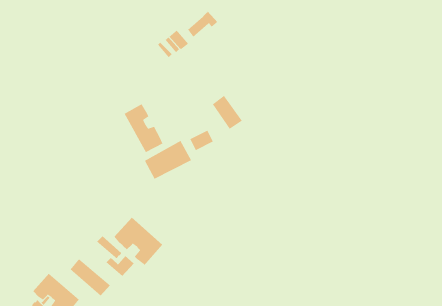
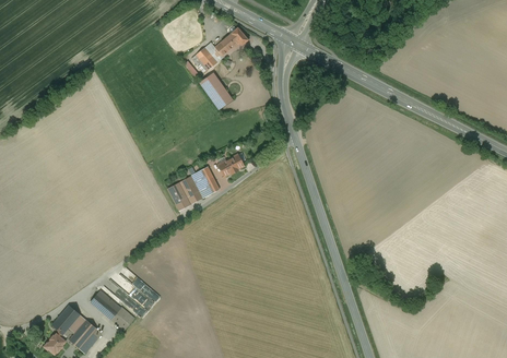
building: [212,95,243,130] -> [200,73,233,110]
building: [124,103,164,153] -> none
building: [113,217,163,266] -> none

